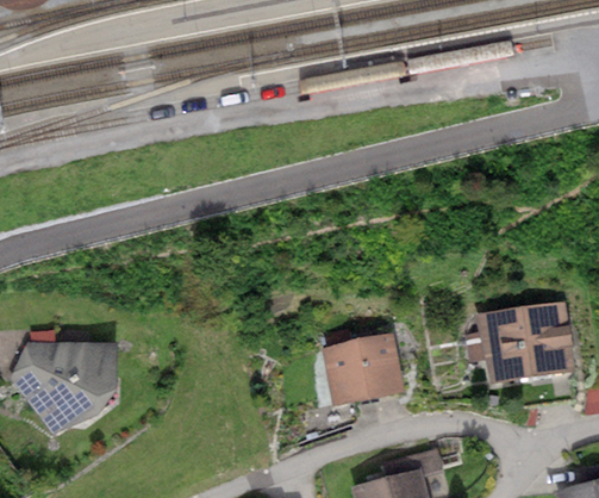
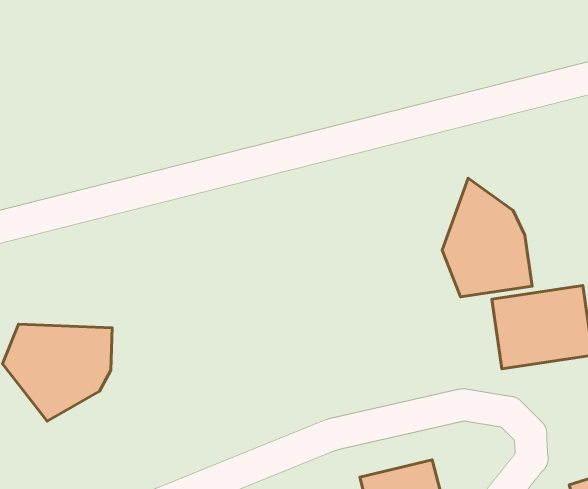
building: none -> [442,178,532,297]
building: [322,334,403,407] -> none

